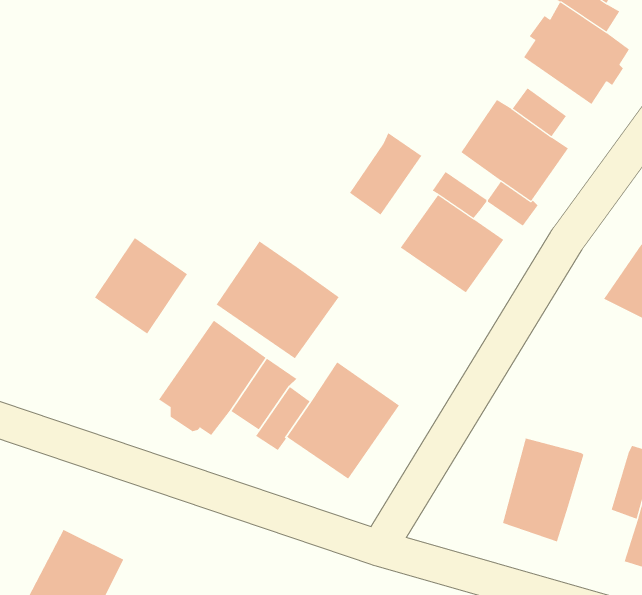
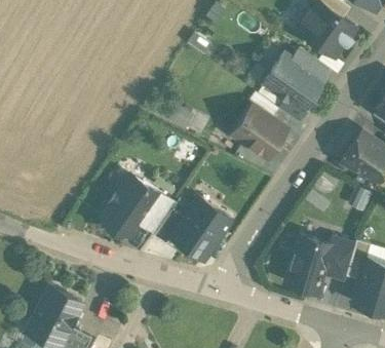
building: [349,132,422,215] -> none
building: [94,237,188,335] -> none
building: [216,241,339,359] -> none
building: none -> [322,238,354,281]

